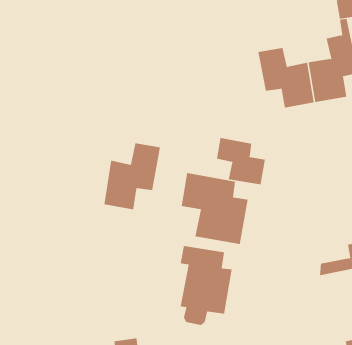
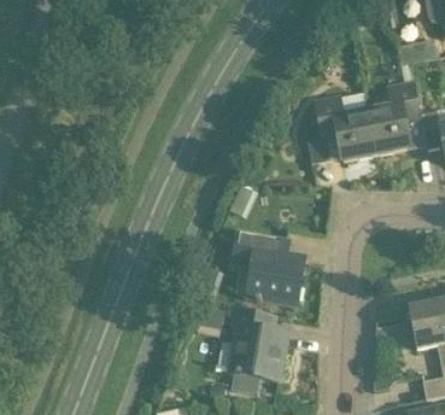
building: [216,137,266,185] -> none
building: [104,143,161,210] -> none

